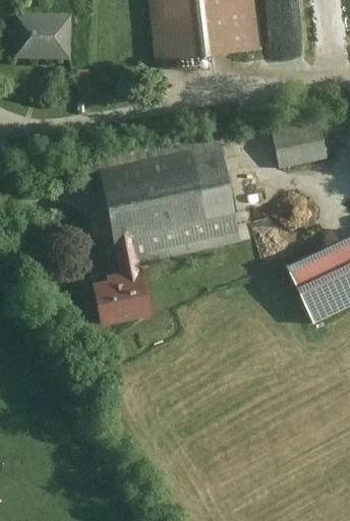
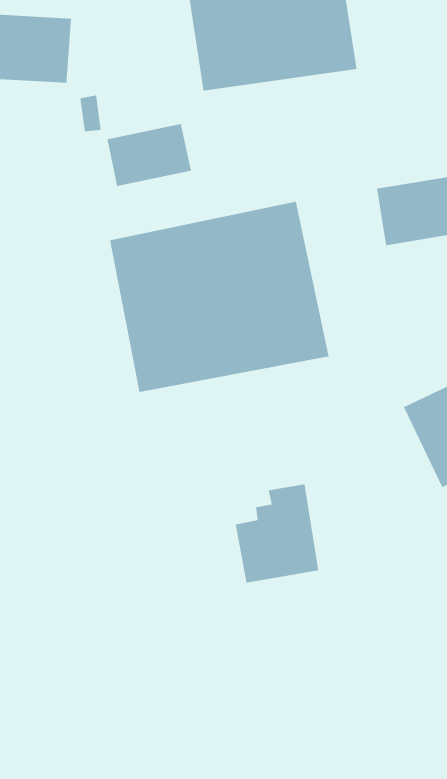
building: none -> [106,123,192,187]
building: [96,255,151,321] -> [235,484,319,583]

